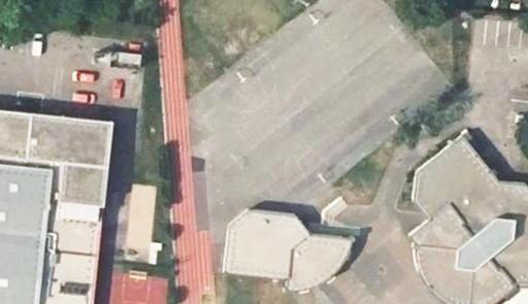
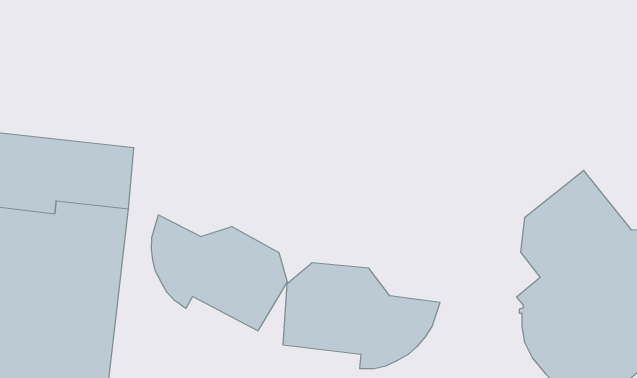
building: none -> [151,215,287,331]

